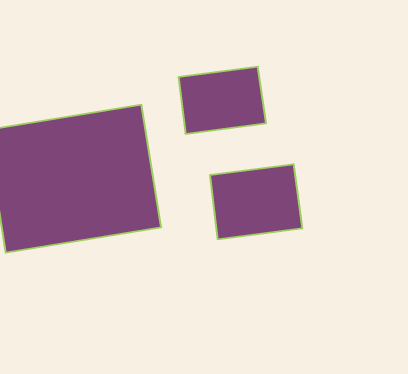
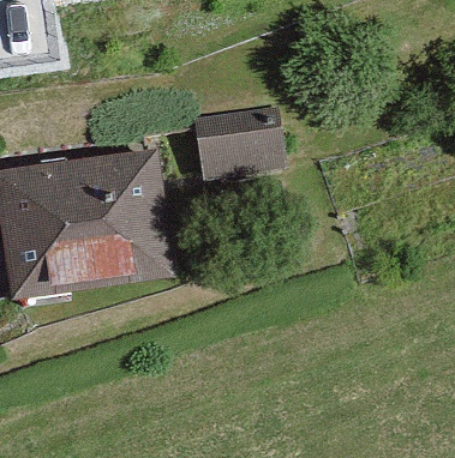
building: [210,164,302,239] -> none

